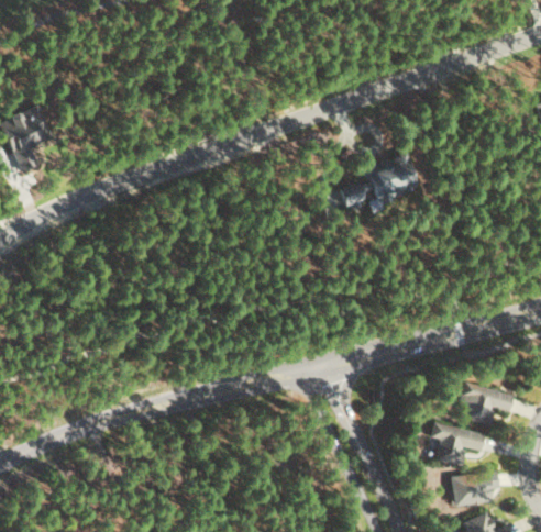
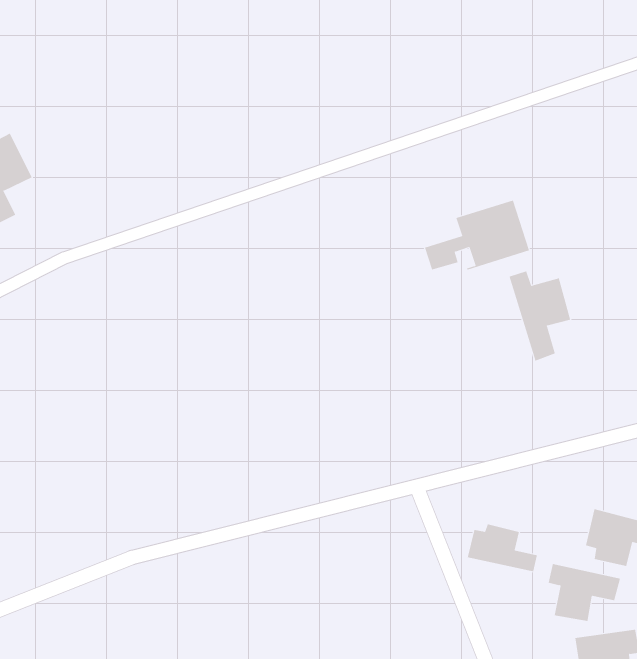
building: none -> [509,270,571,362]
building: none -> [467,524,537,572]

